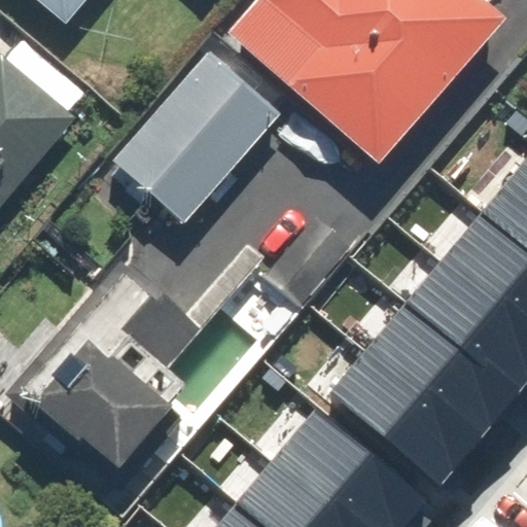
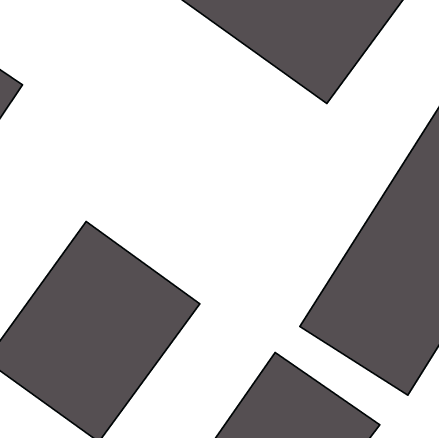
building: [118,57,280,222] -> none

